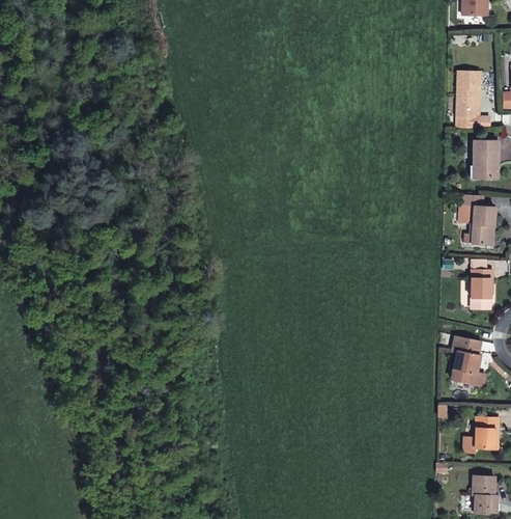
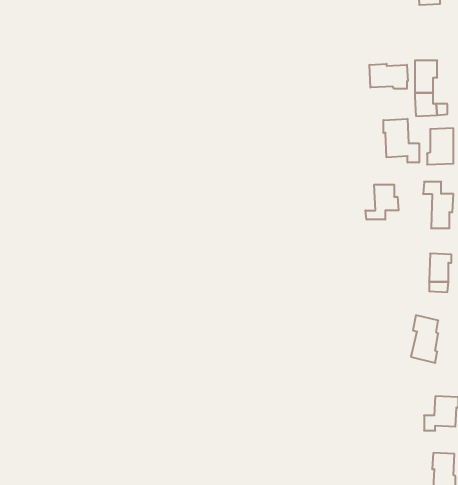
building: none -> [369,64,408,89]
building: none -> [383,119,419,163]
building: none -> [365,185,399,220]

